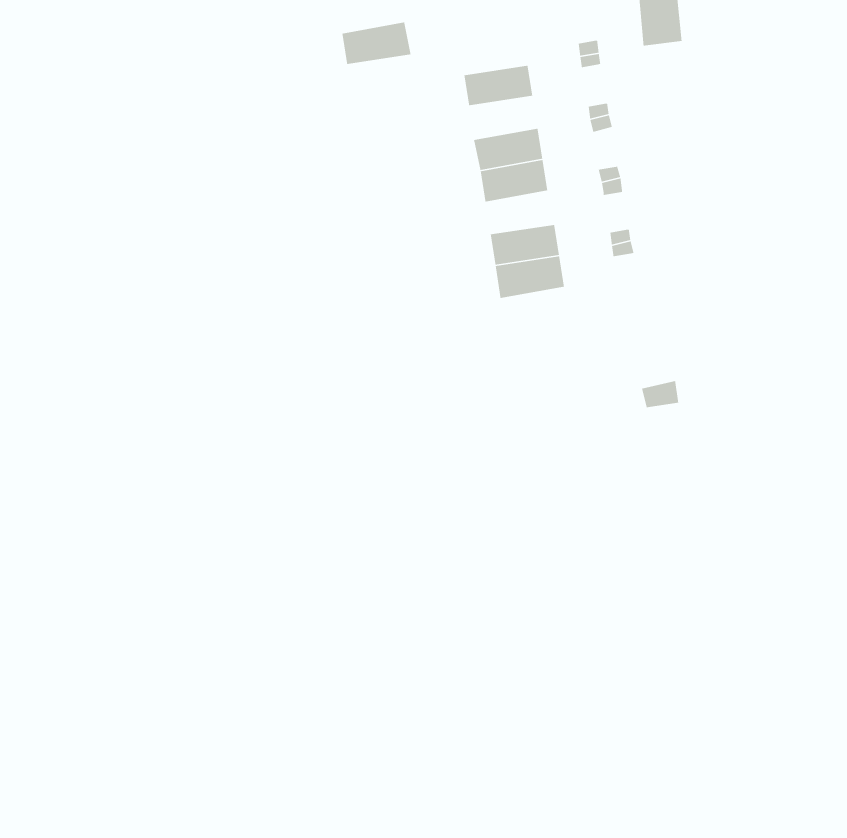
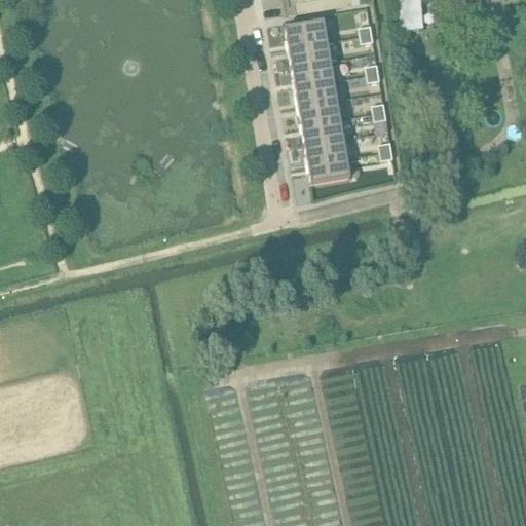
building: [342,22,411,65] -> [285,20,328,46]
building: none -> [291,60,334,86]
building: none -> [301,118,344,145]

